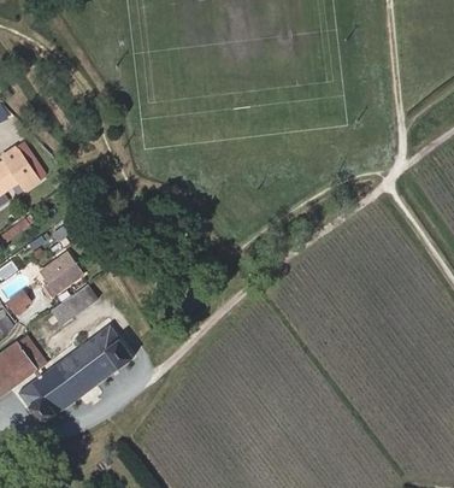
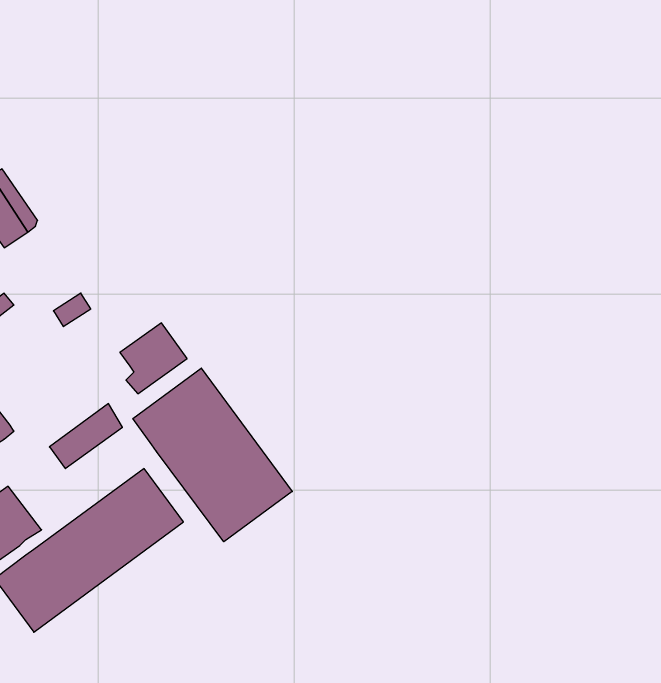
building: [41,252,82,295] -> [120,323,187,394]
building: none -> [133,368,292,542]

